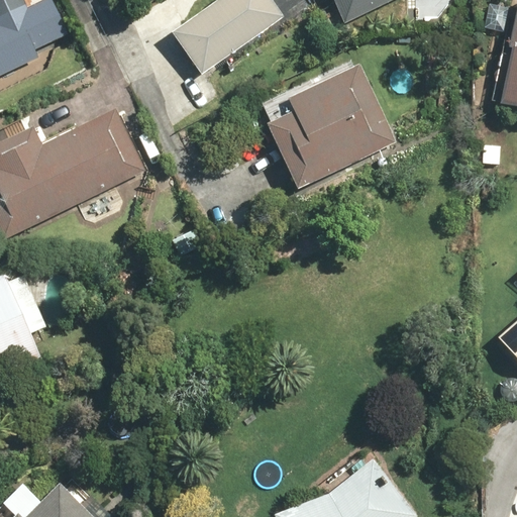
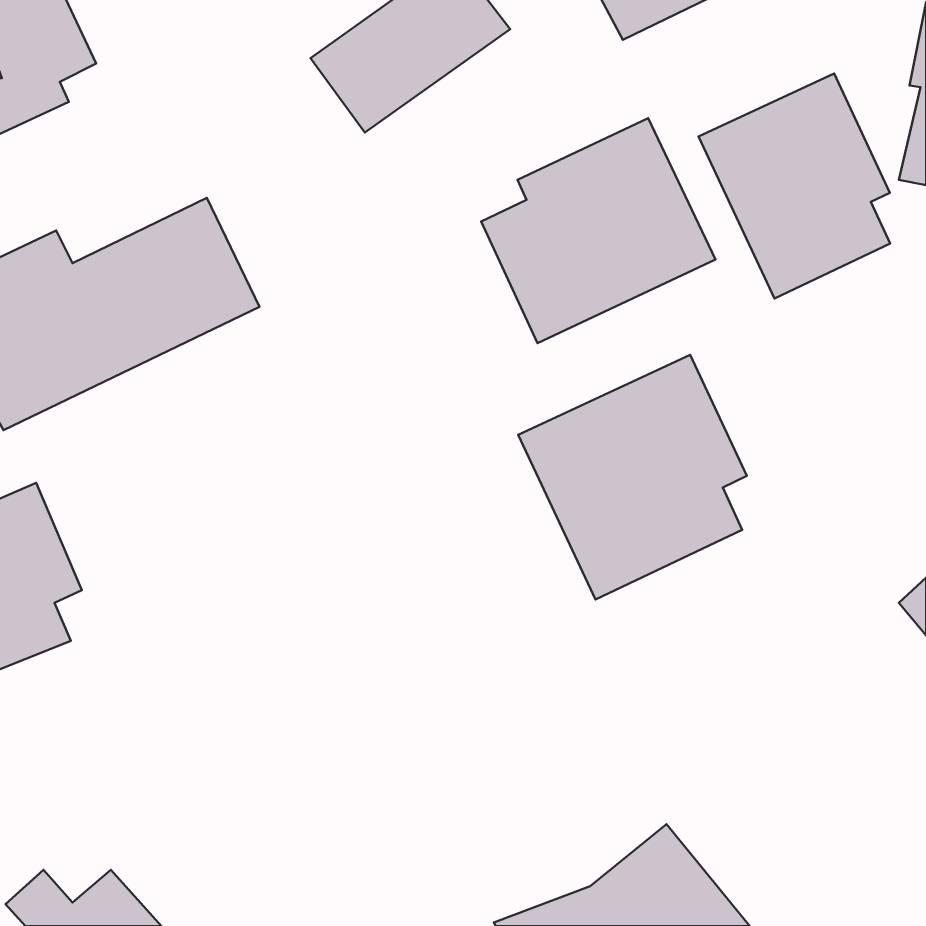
building: none -> [698,74,890,298]
building: none -> [518,355,747,599]

